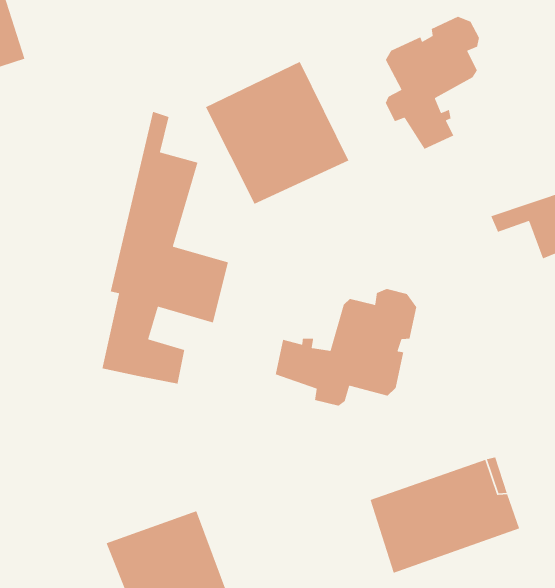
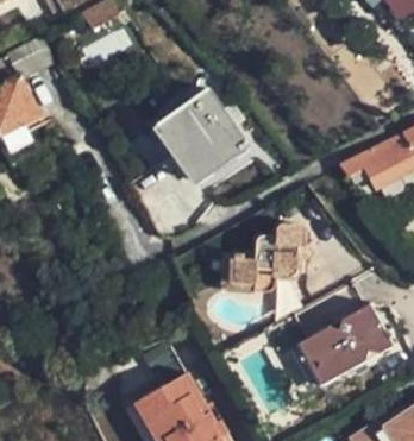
building: [385,16,480,150] -> none
building: [101,111,229,384] -> none

